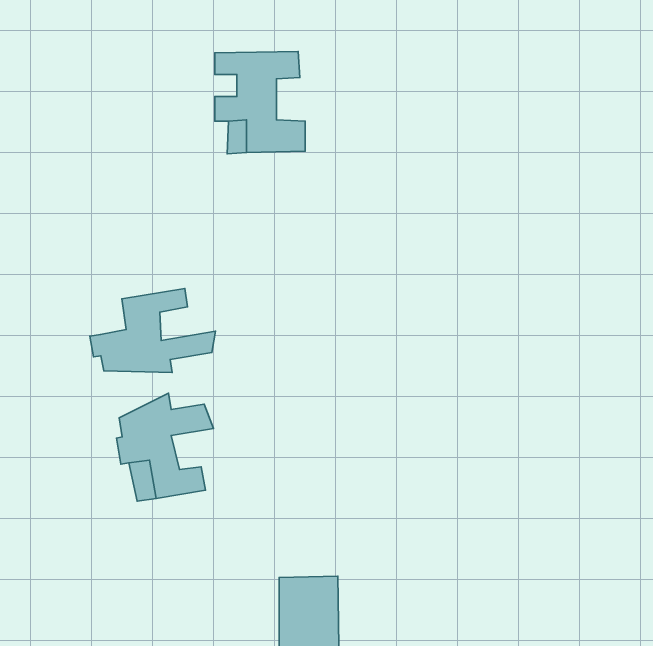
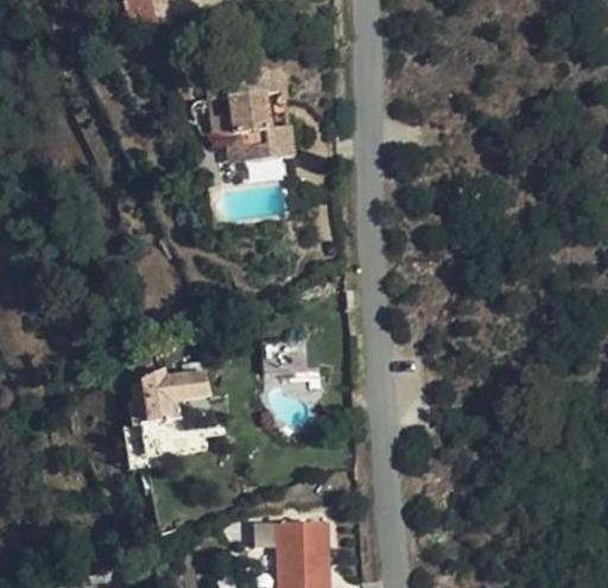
building: [90,288,215,373] -> none

